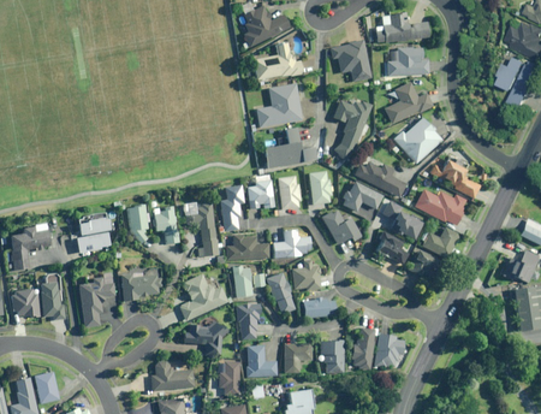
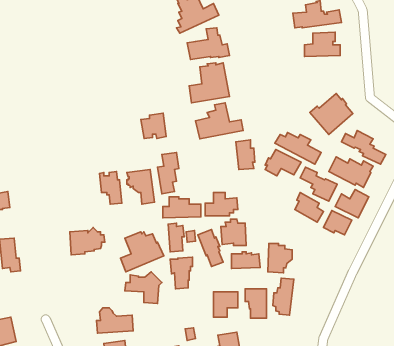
building: [331,39,371,82] -> none
building: [384,82,433,123] -> none
building: [333,100,371,160] -> none
building: [278,175,301,209] -> none
building: [246,179,275,208] -> [141,113,166,139]
building: [127,203,149,242] -> none
building: [321,209,361,244] -> none
building: [77,217,111,253] -> none
building: [78,277,114,327] -> none
building: [376,333,404,367] -> [268,243,292,273]
building: [245,345,277,378] -> none
building: [219,361,239,395] -> none

